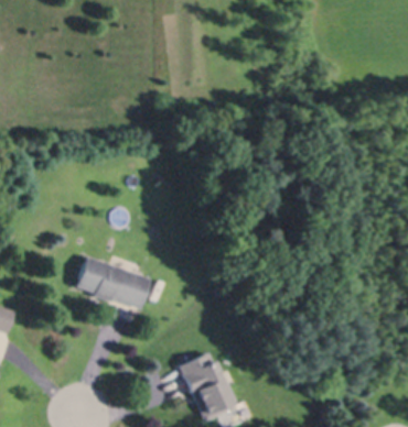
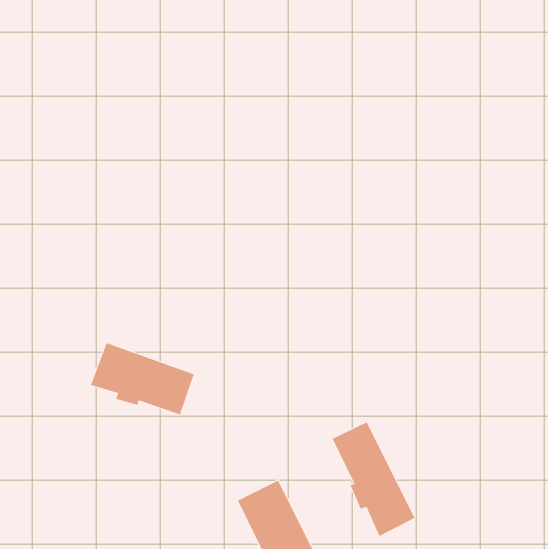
building: none -> [332,422,415,537]

